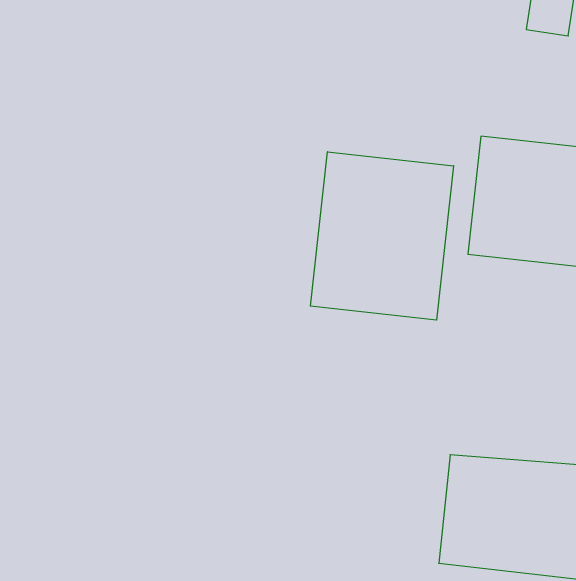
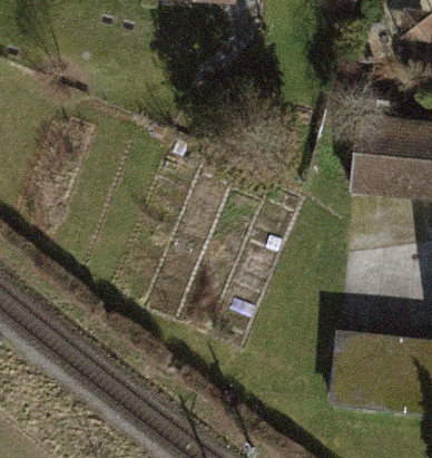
building: [310,152,454,320] -> none

